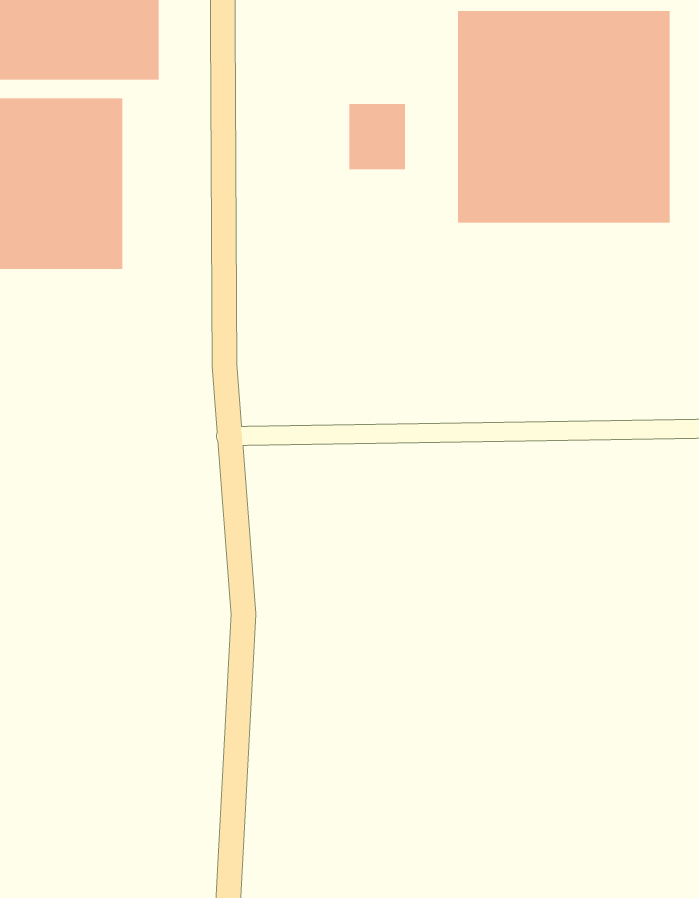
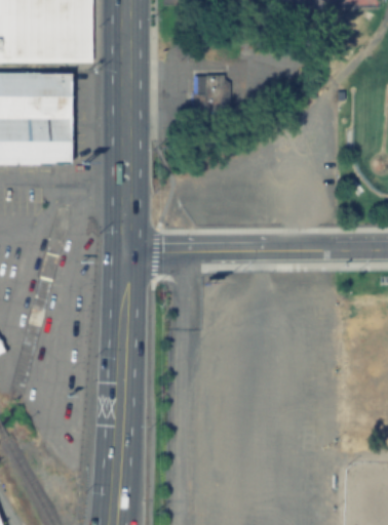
building: [457,10,671,224] -> none

